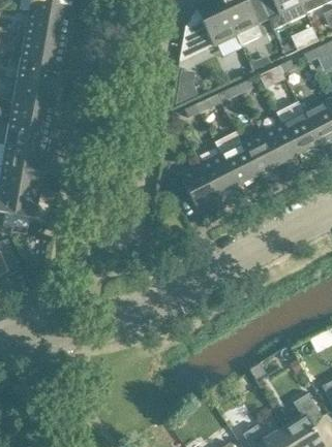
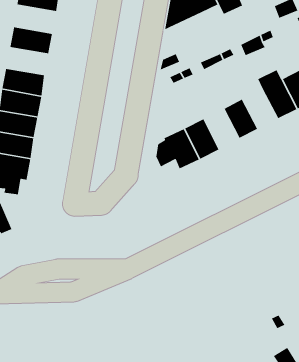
building: [22,34,67,64] -> none
building: [13,78,59,107] -> none
building: [262,122,299,164] -> none
building: [215,131,259,186] -> none

